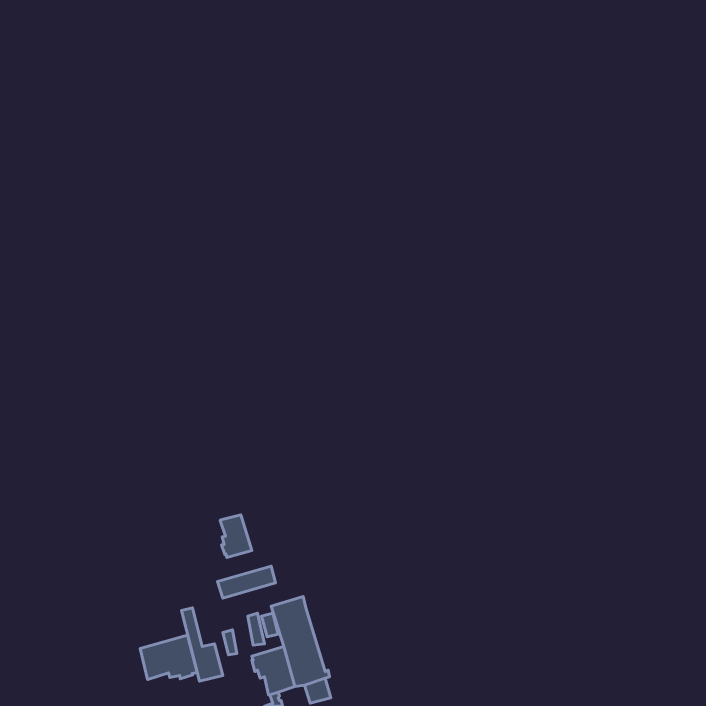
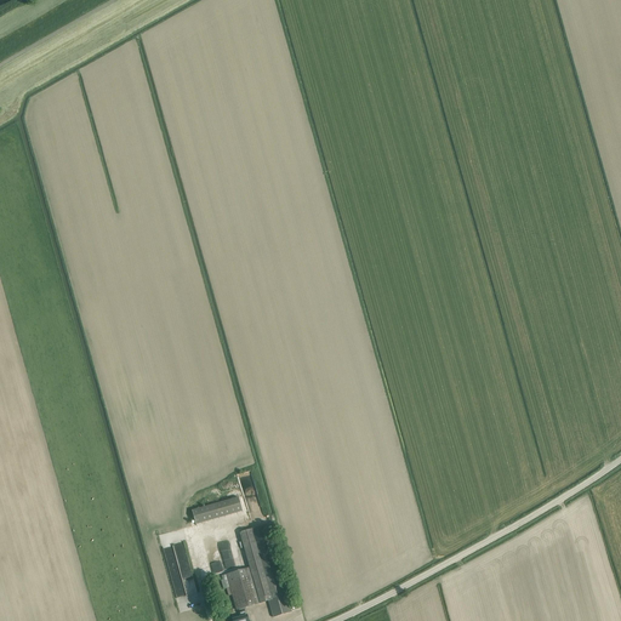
building: [220,515,252,558] -> none
building: [140,635,197,680] -> none

